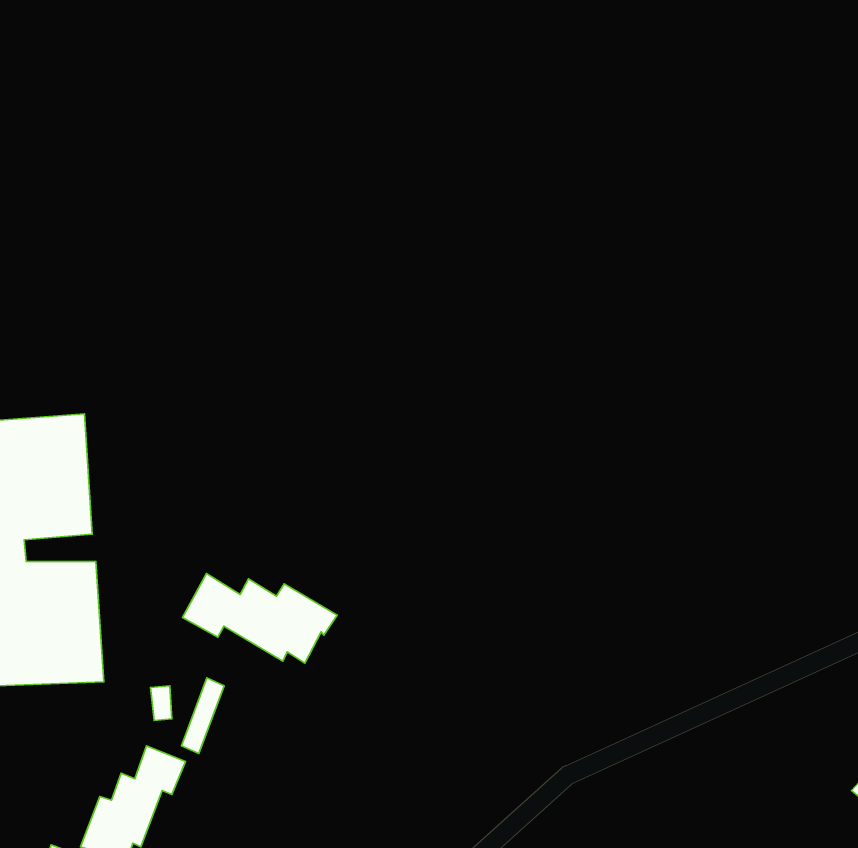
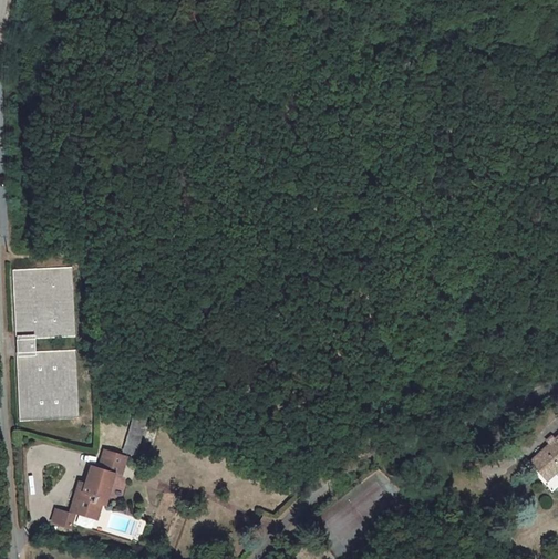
building: [182,573,337,663] -> none

